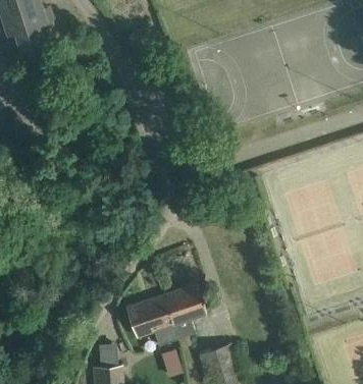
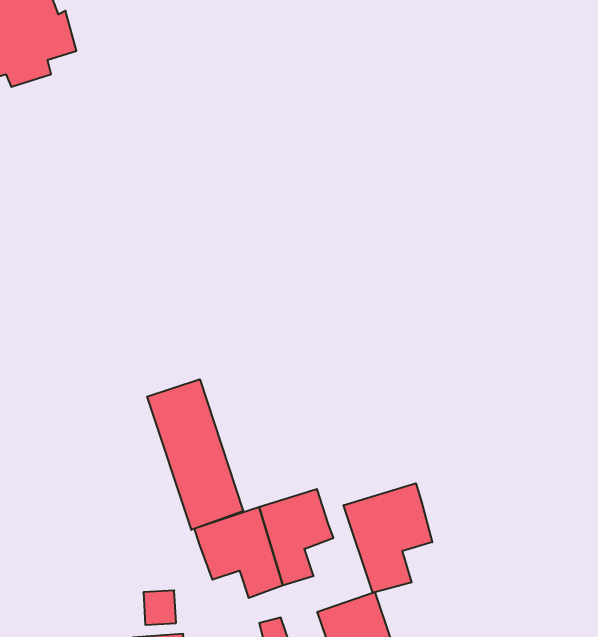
building: none -> [147,379,243,530]
building: none -> [344,483,432,593]

